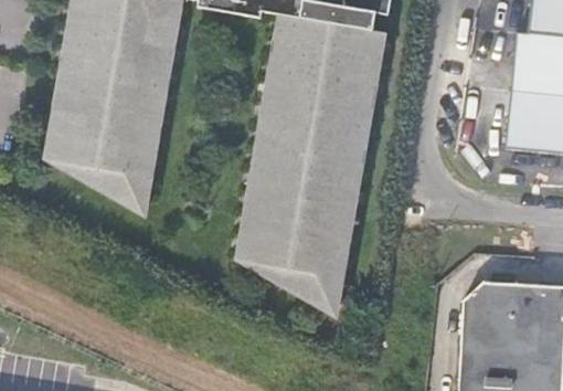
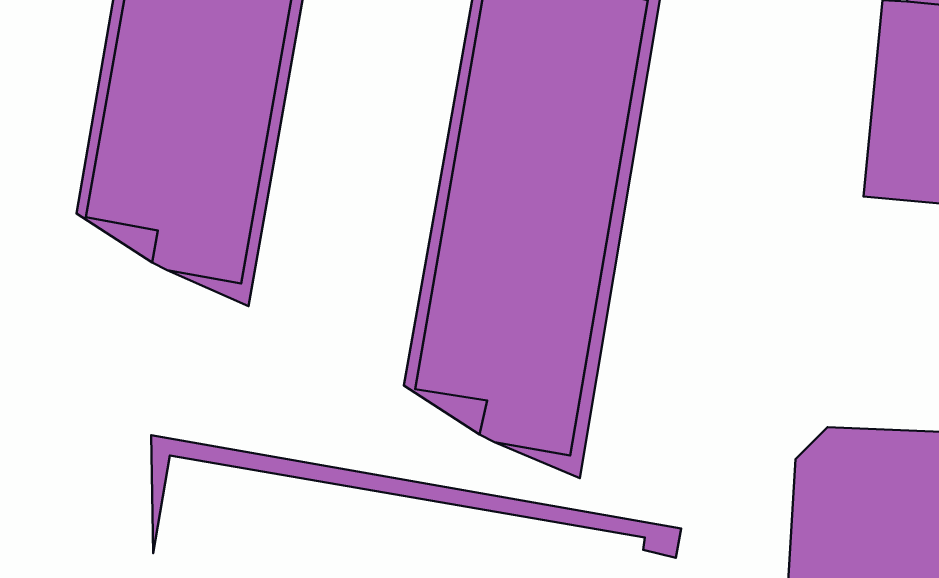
building: none -> [151,435,681,558]

